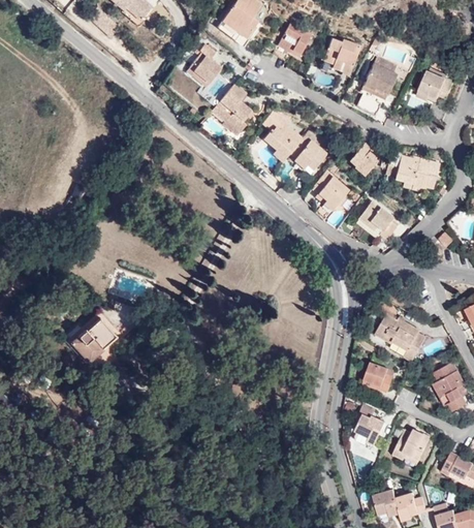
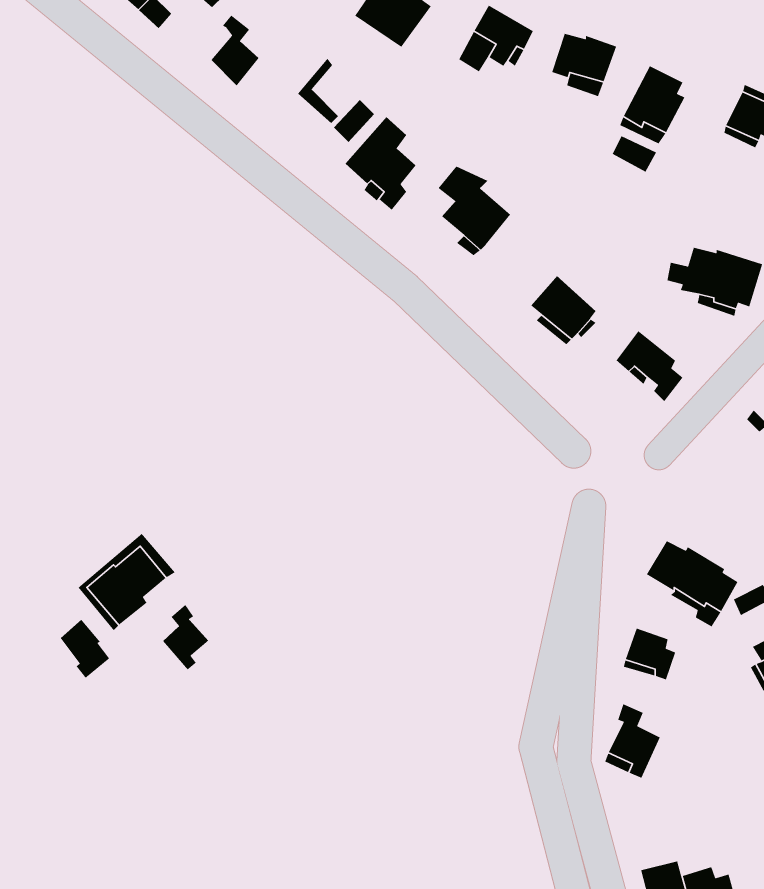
building: [194,44,221,84] -> [210,15,260,86]
building: [289,137,327,168] -> none
building: [350,143,380,175] -> none
building: none -> [162,604,209,671]
building: none -> [60,619,110,679]
building: [393,430,431,460] -> none

